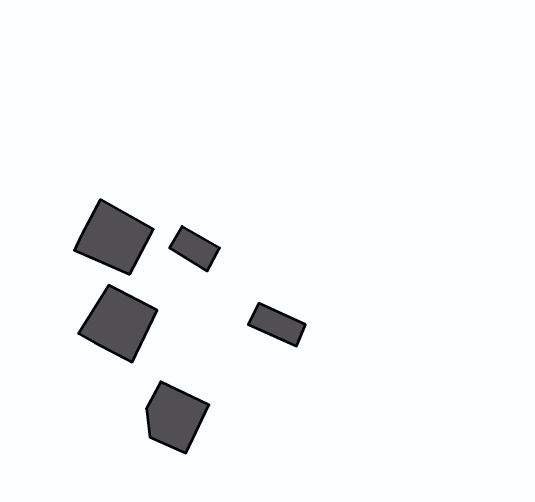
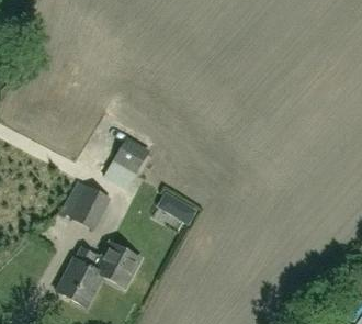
building: [74,200,153,274] -> none
building: none -> [57,247,103,306]

